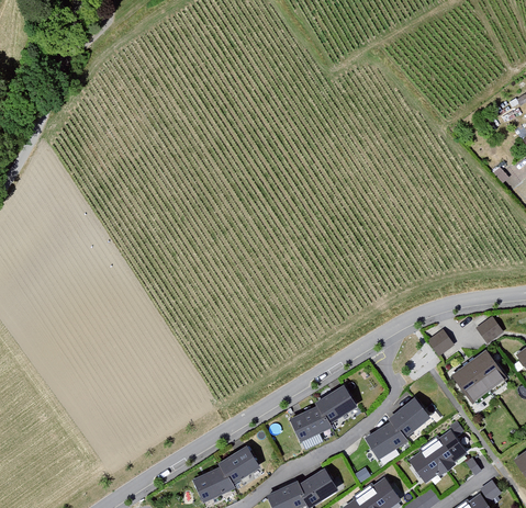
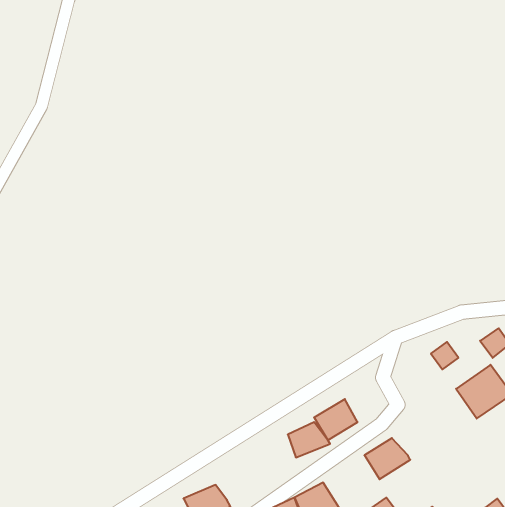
building: [389,398,432,438] -> none
building: [410,430,468,483] -> none
building: [219,444,260,481] -> none

